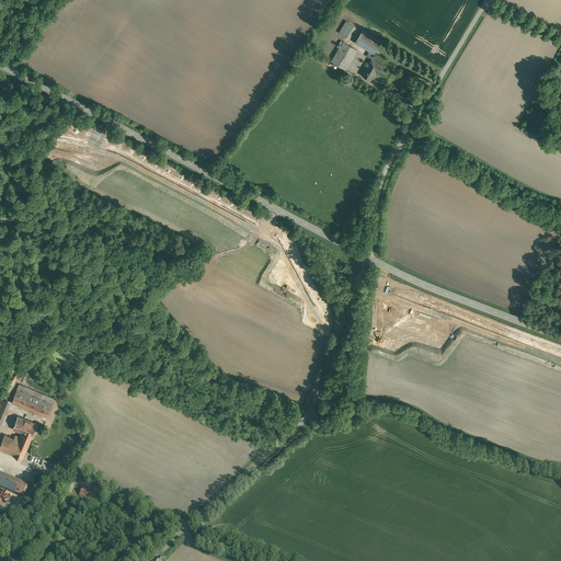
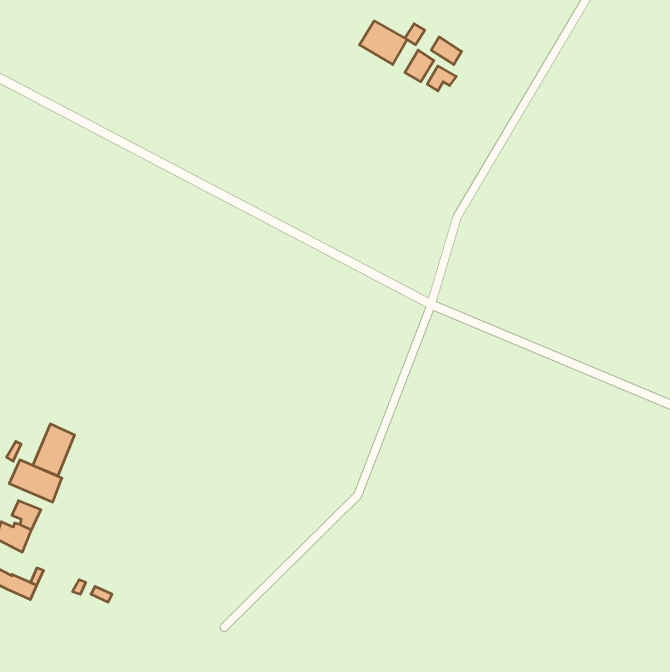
building: none -> [359,21,407,65]
building: none -> [33,424,75,476]

